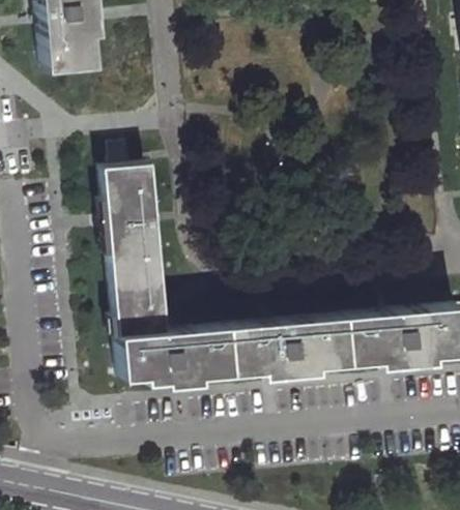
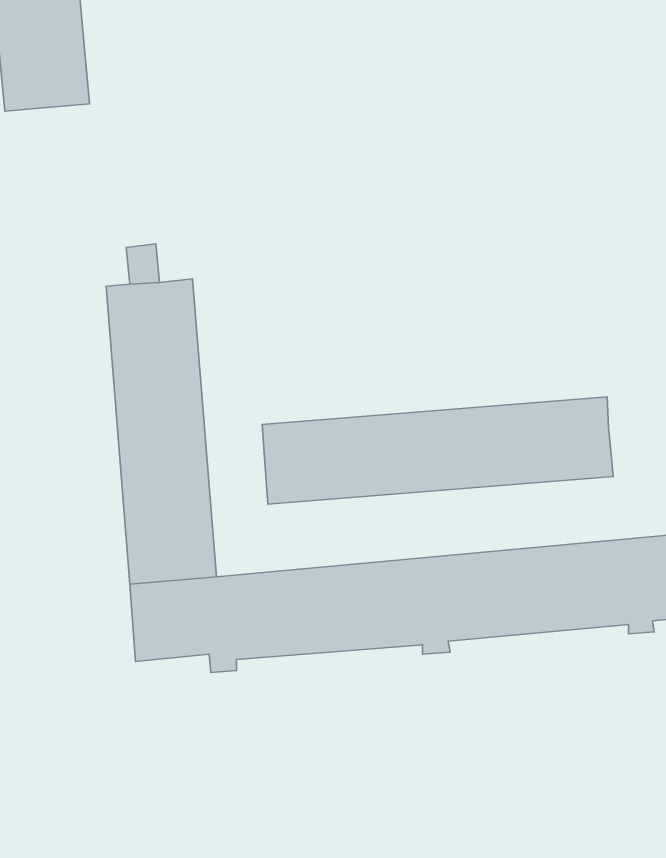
building: none -> [262,397,613,504]

